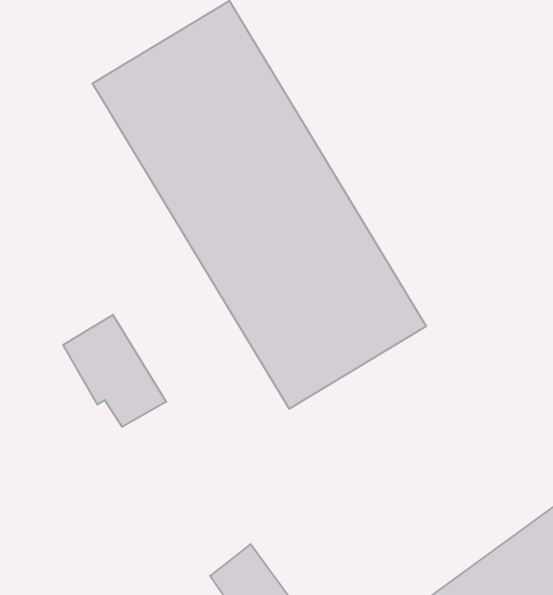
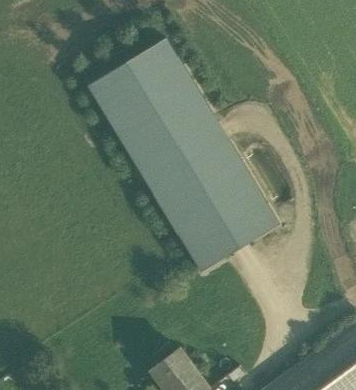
building: [63,315,166,427] -> none

